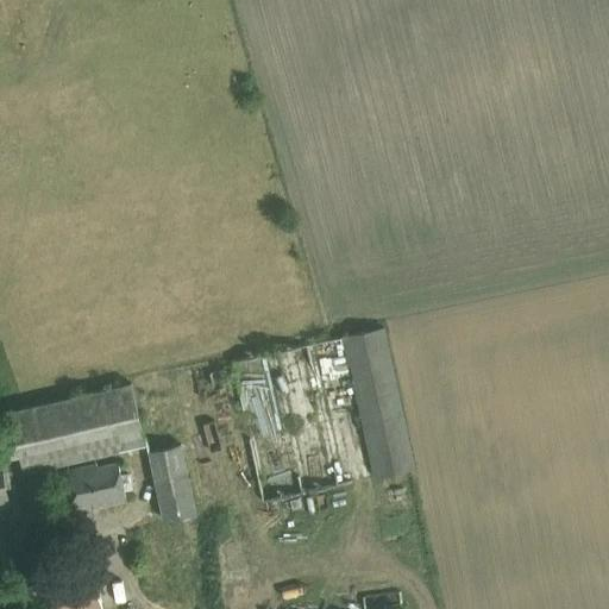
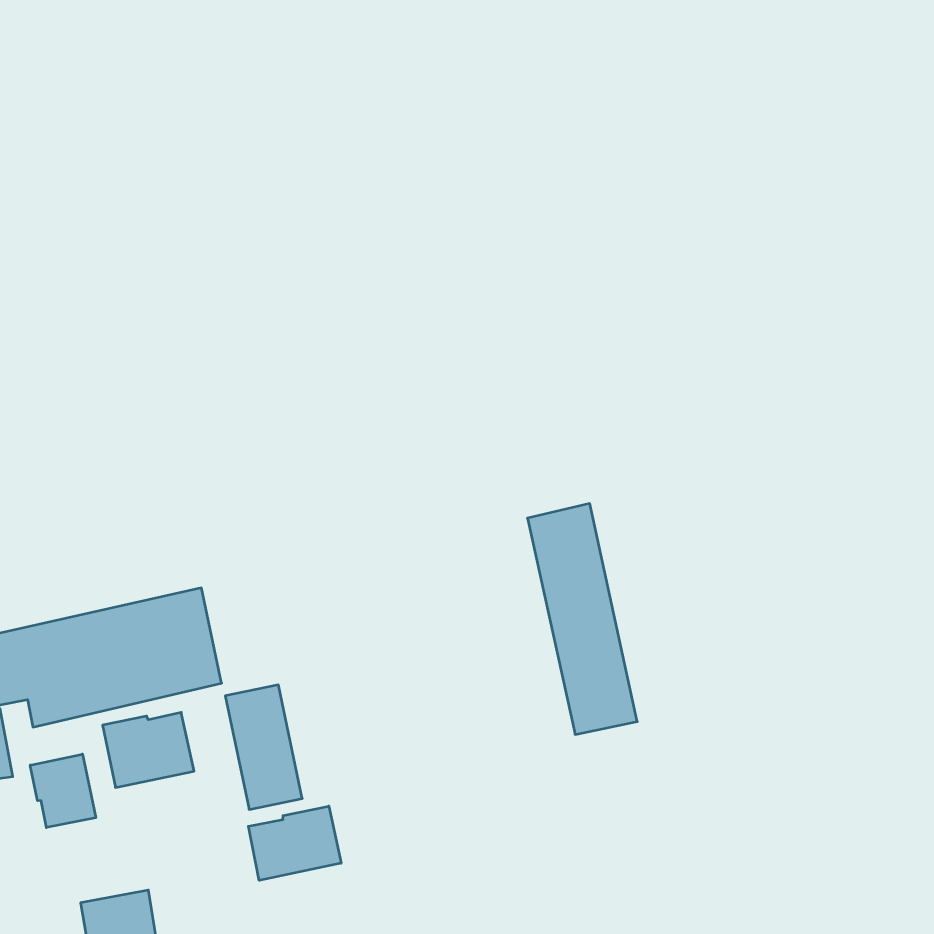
building: none -> [30,754,96,828]
building: none -> [248,806,341,880]

